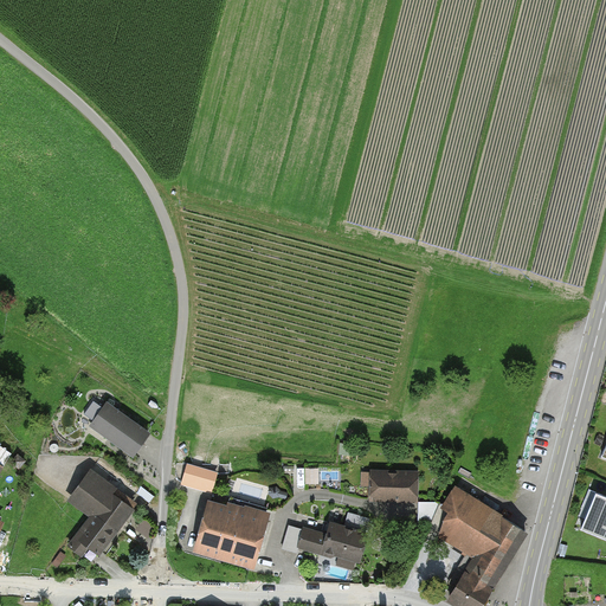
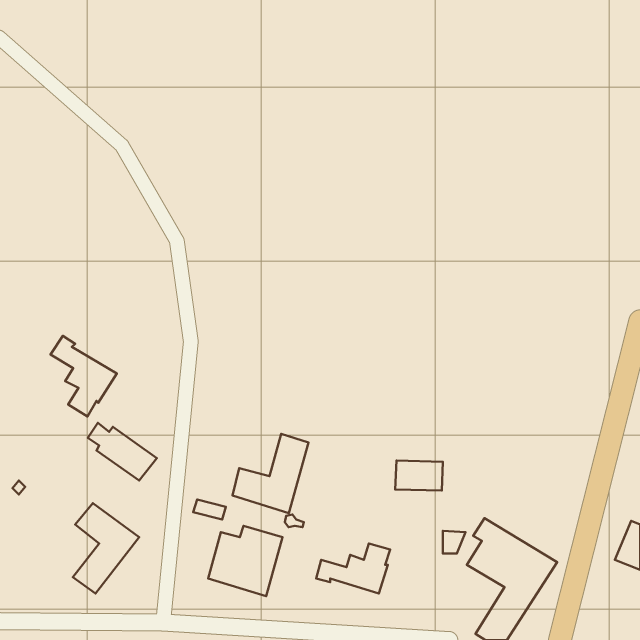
building: none -> [50,336,117,416]
building: none -> [232,434,308,513]
building: [370,471,415,499] -> [395,461,443,491]

